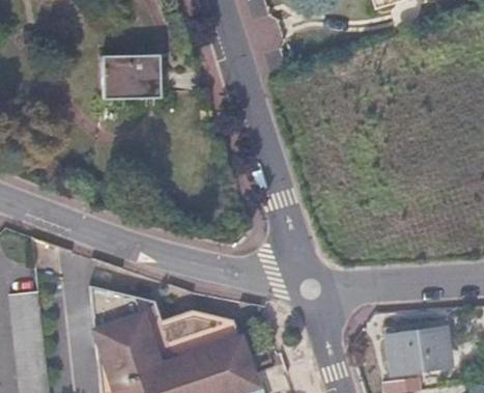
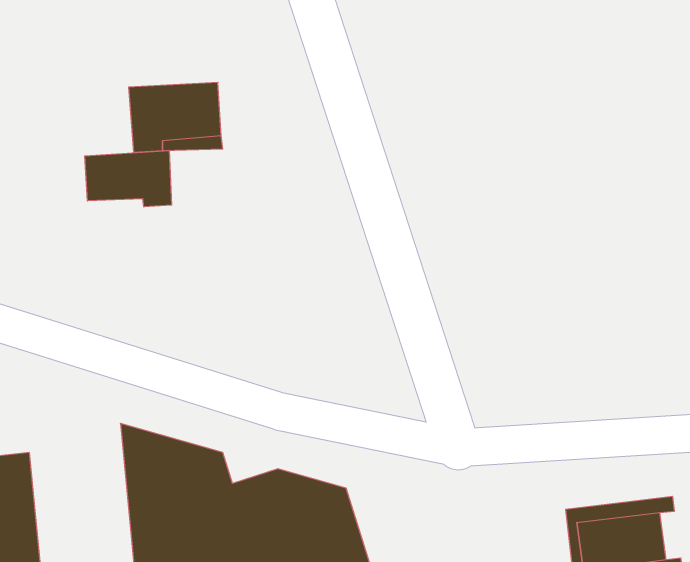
building: none -> [85,150,172,207]

